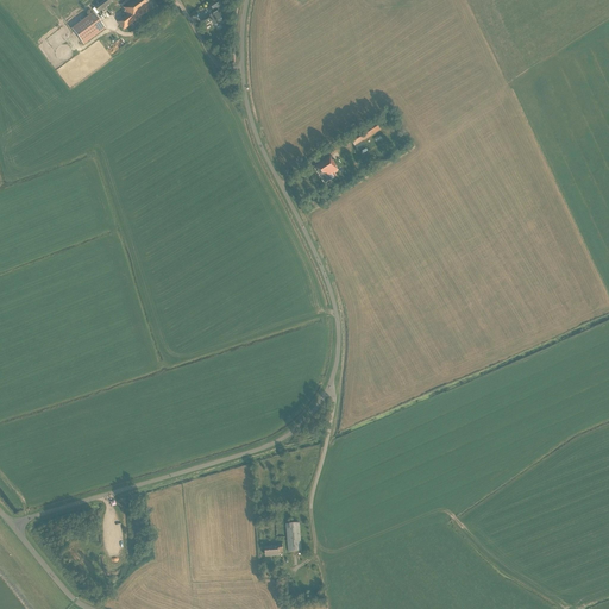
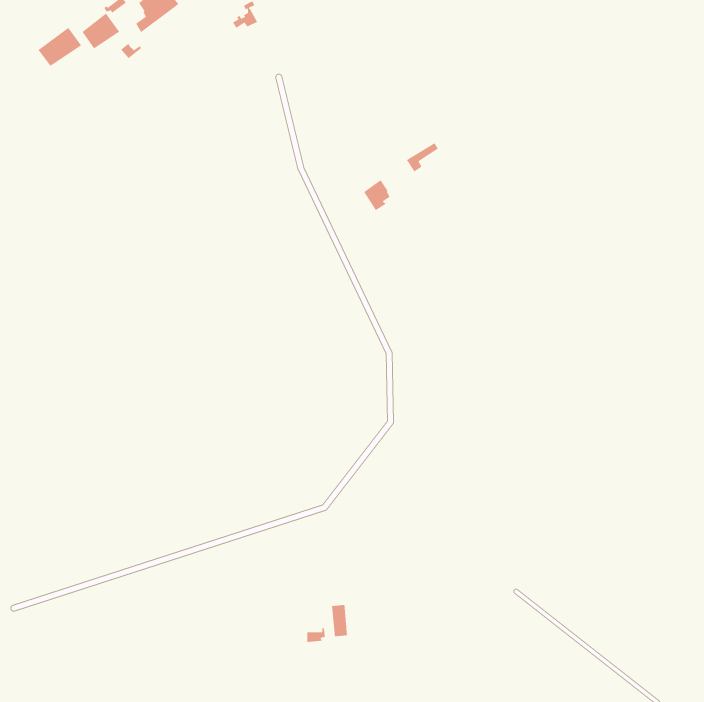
building: none -> [37,27,82,67]

